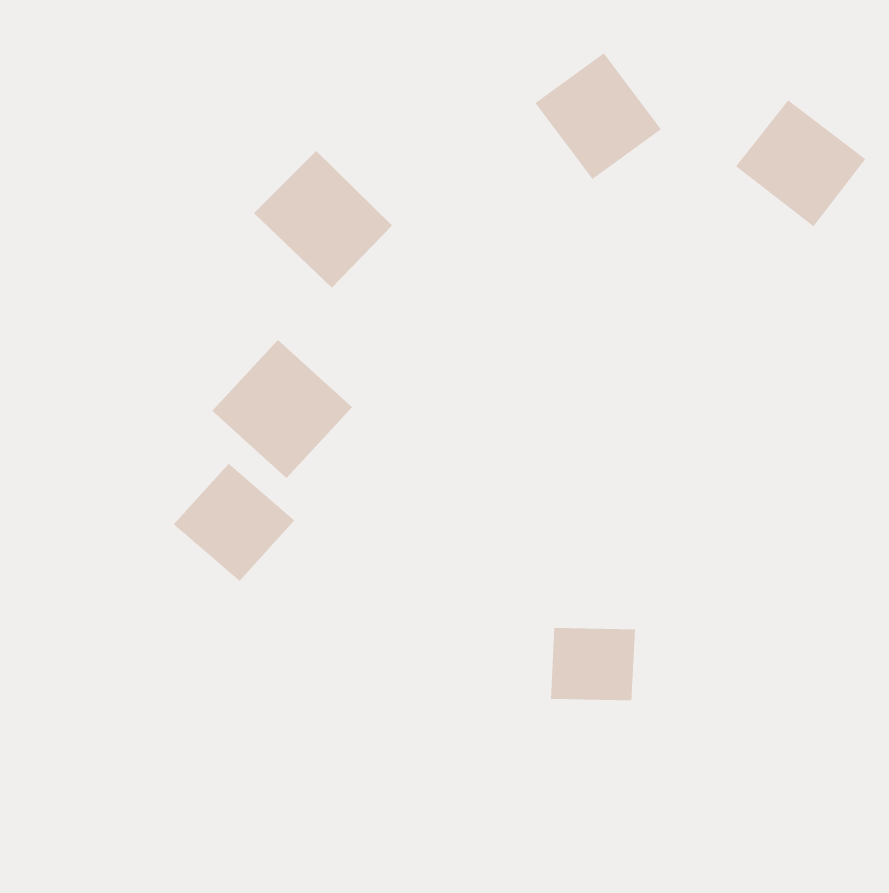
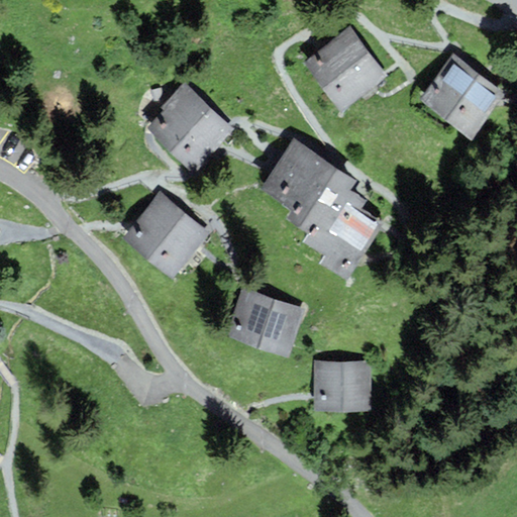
building: none -> [269,142,378,272]
building: [173,463,295,582] -> none
building: none -> [227,292,299,353]

